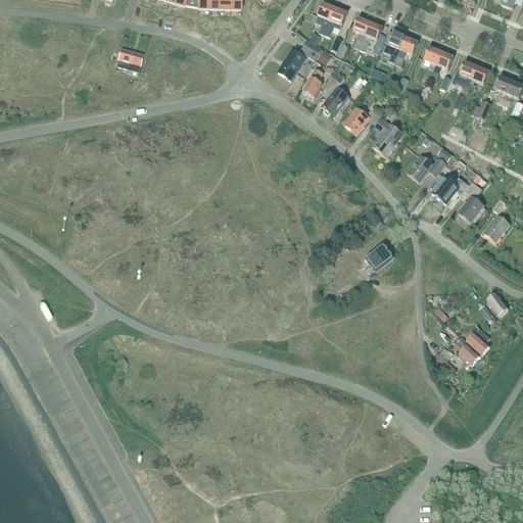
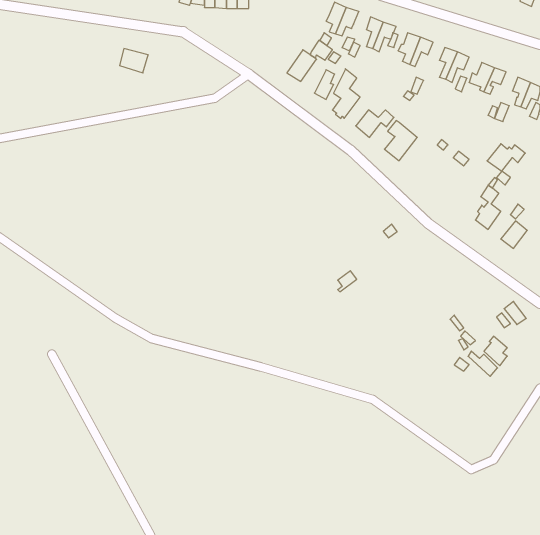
building: [406,153,445,182] -> none
building: [431,175,468,201] -> [487,144,525,171]
building: [365,241,393,269] -> none

